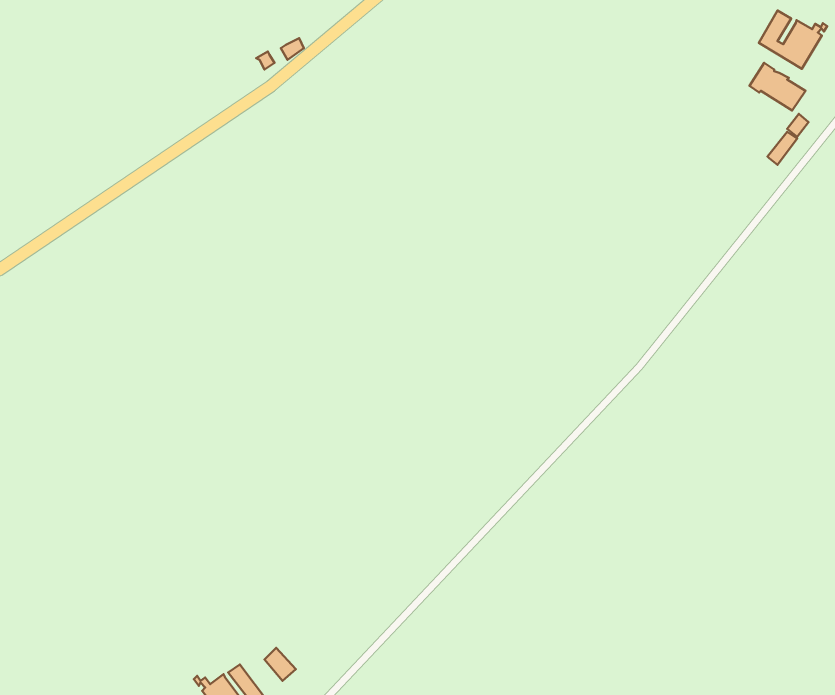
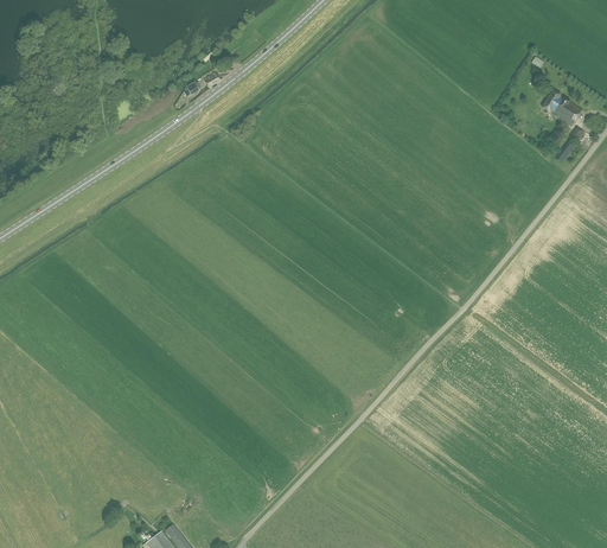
building: [759,11,827,69] -> none

